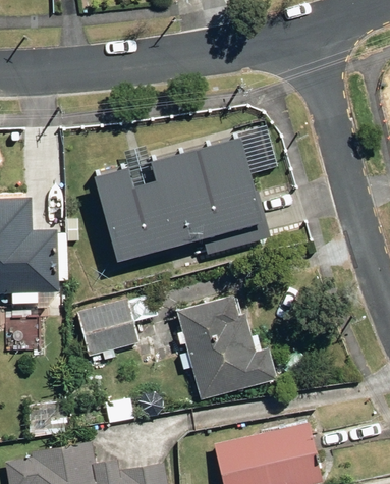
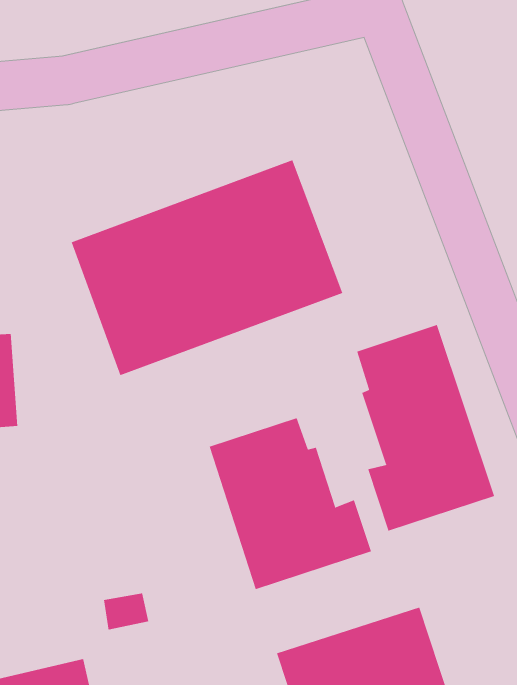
building: none -> [357,324,495,532]
building: [75,293,159,360] -> none

